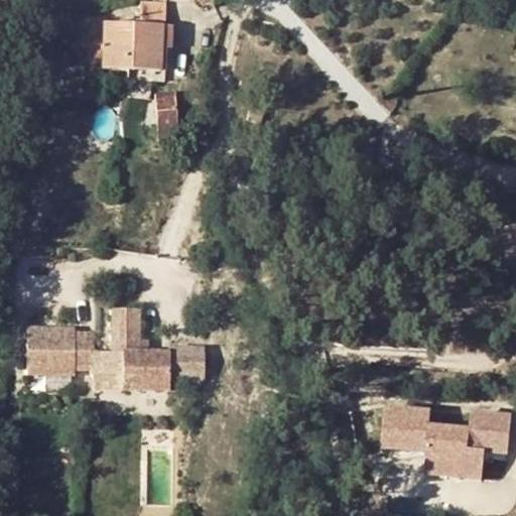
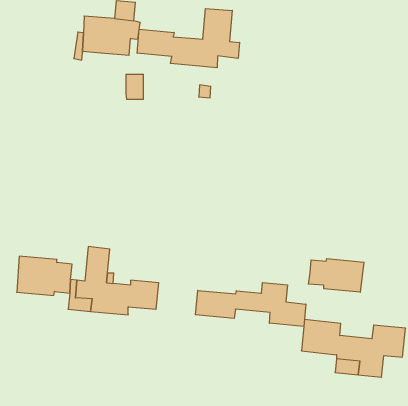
building: none -> [137,9,240,68]
building: none -> [309,259,364,292]
building: none -> [195,283,306,327]

